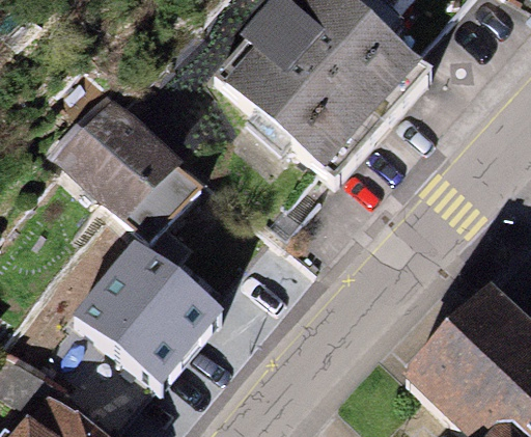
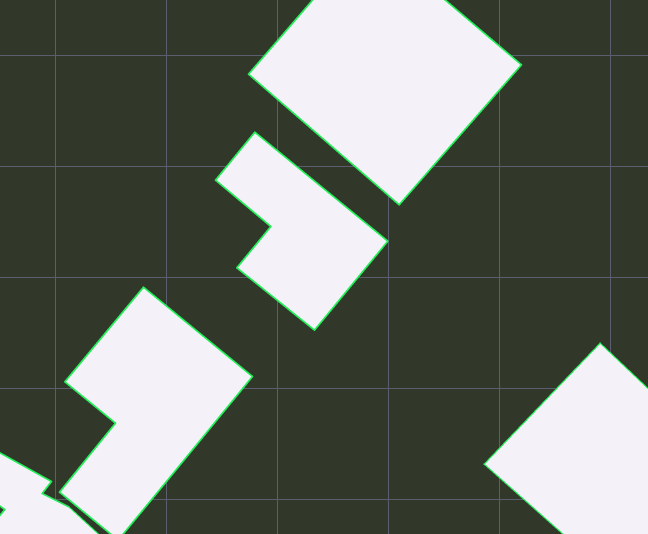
building: [50,99,200,242] -> none
building: none -> [215,132,388,330]

